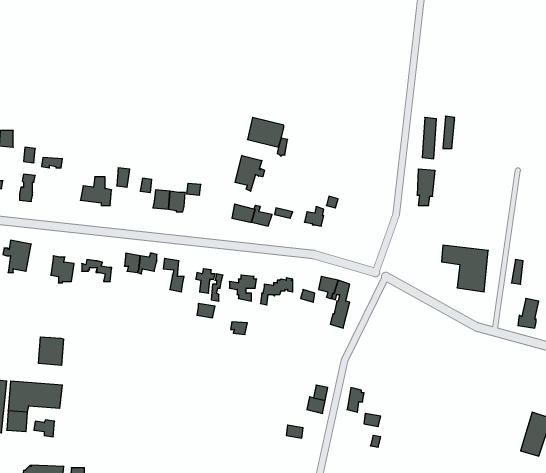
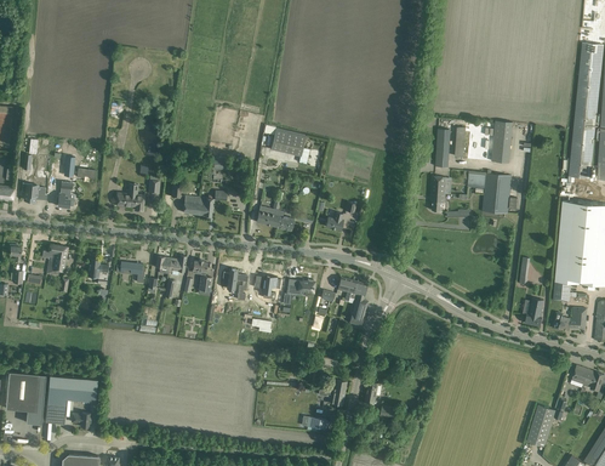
building: none -> [492,120,513,163]
building: [235,155,264,191] -> none
building: [442,245,488,292] -> [468,170,512,214]
building: [39,337,63,365] -> none

